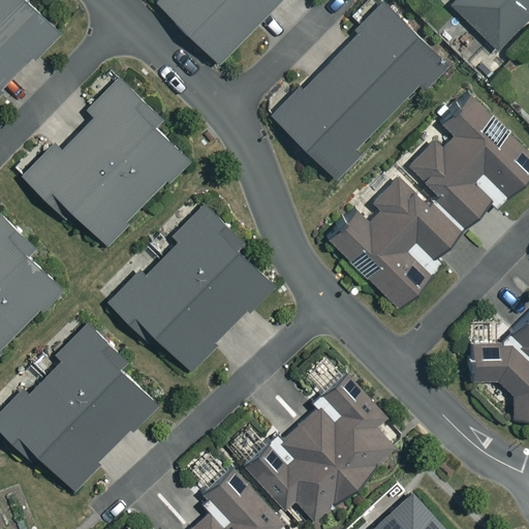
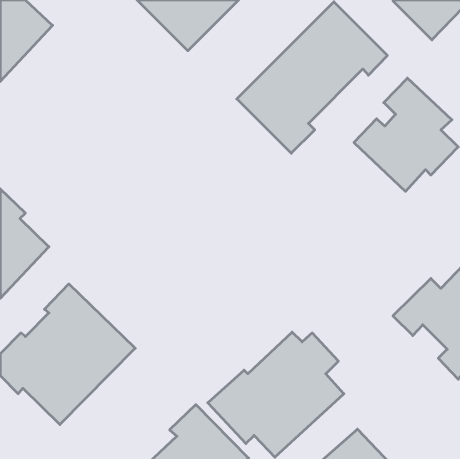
building: [23,87,190,244] -> none
building: [326,176,457,307] -> none
building: [111,209,275,370] -> none

